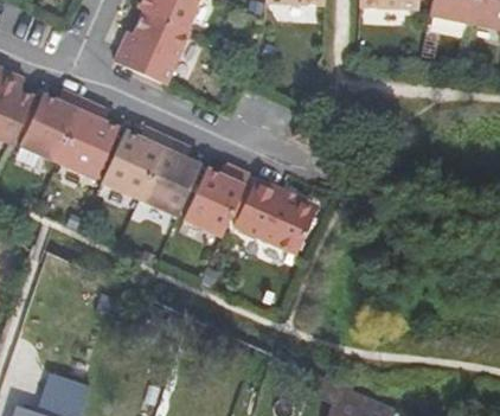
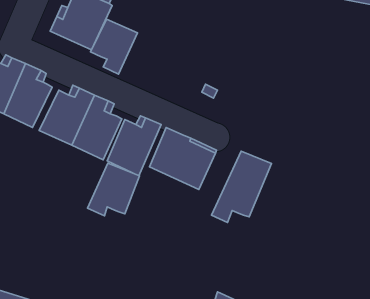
building: none -> [90,19,138,74]
building: none -> [212,151,272,223]
building: none -> [88,163,139,216]

